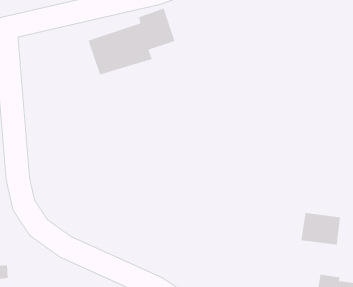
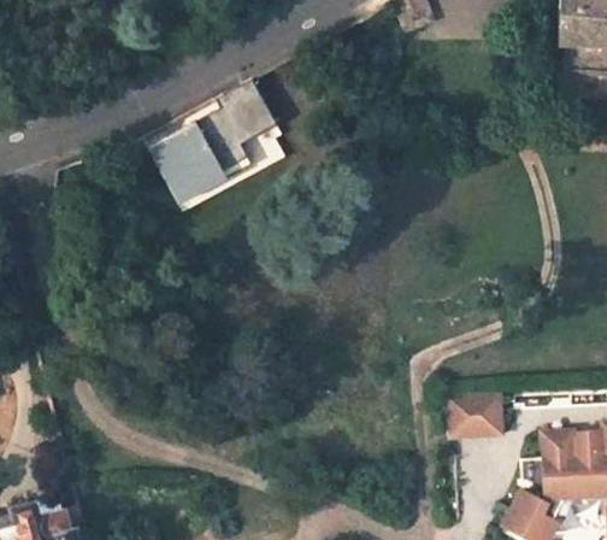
building: none -> [170,127,281,213]
building: [301,212,341,246] -> [447,392,503,438]

